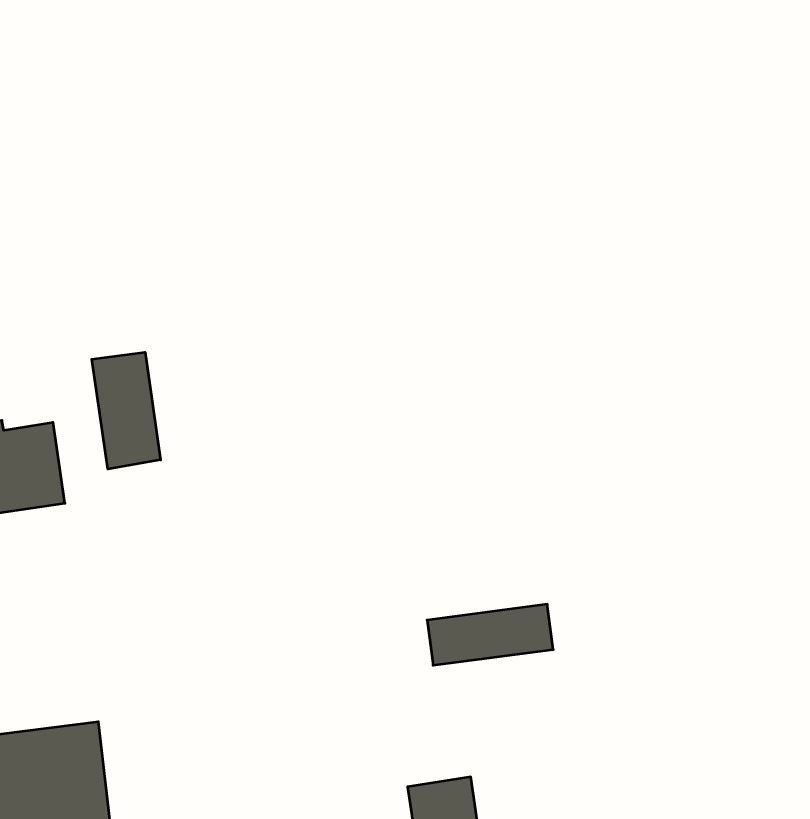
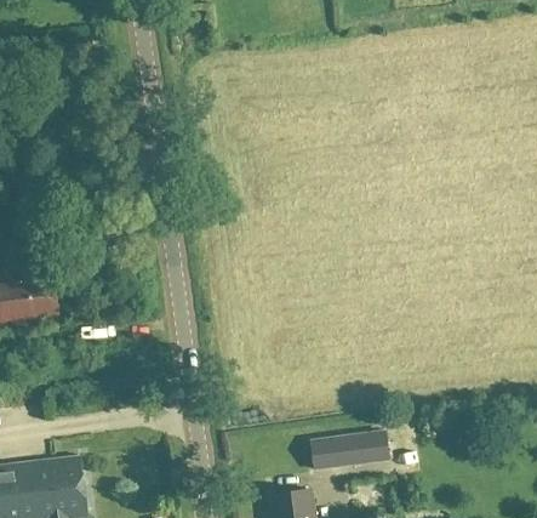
building: [92,352,161,469] -> none
building: [427,604,553,665] -> [310,431,388,468]

